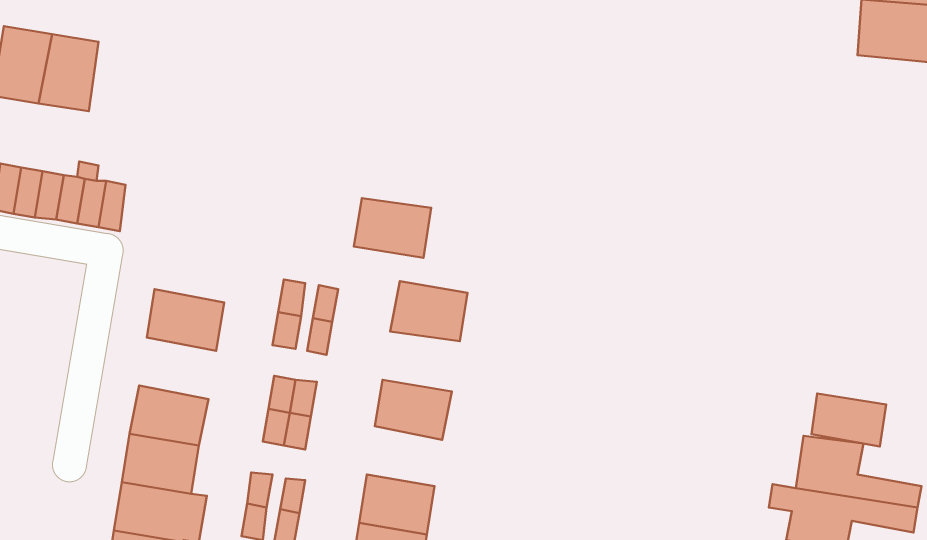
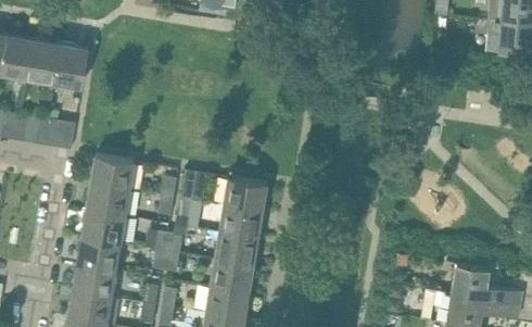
building: none -> [54,42,88,86]
building: [354,198,431,258] -> [219,205,263,239]
building: none -> [91,154,135,189]
building: none -> [83,209,126,243]
building: [811,394,886,447] -> none
building: none -> [211,259,253,292]

